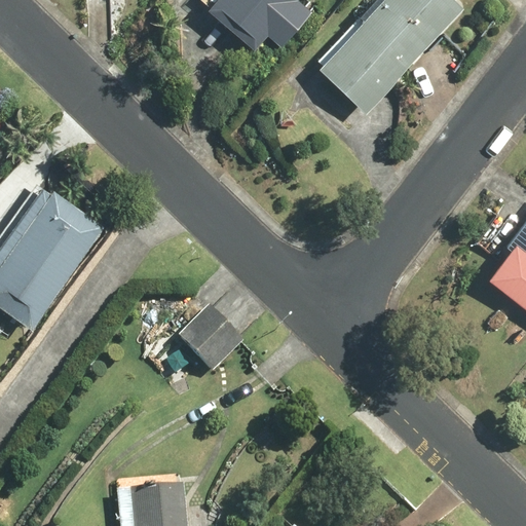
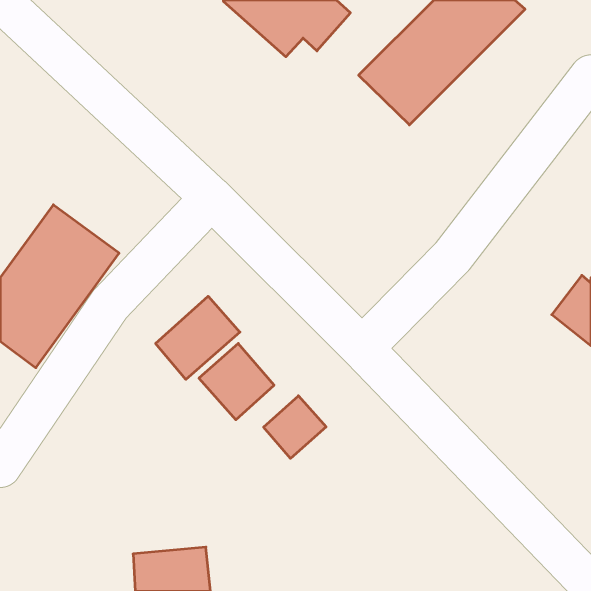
building: none -> [156,296,240,379]
building: none -> [264,396,326,458]

